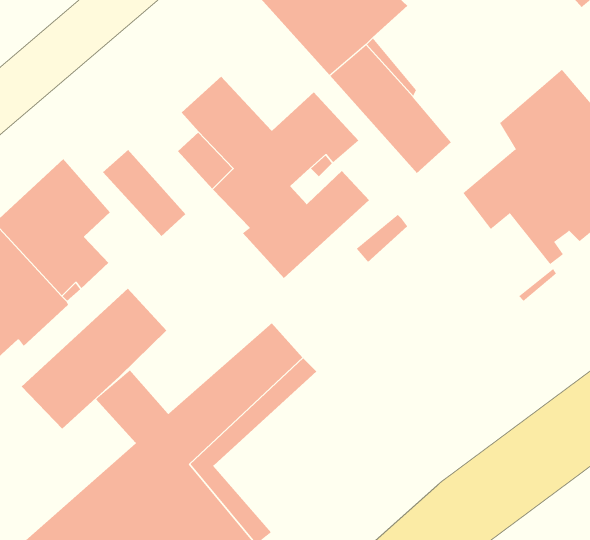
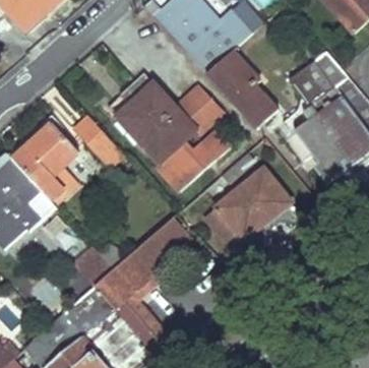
building: none -> [291,54,342,100]
building: none -> [207,164,294,245]
building: [21,288,167,430] -> none

